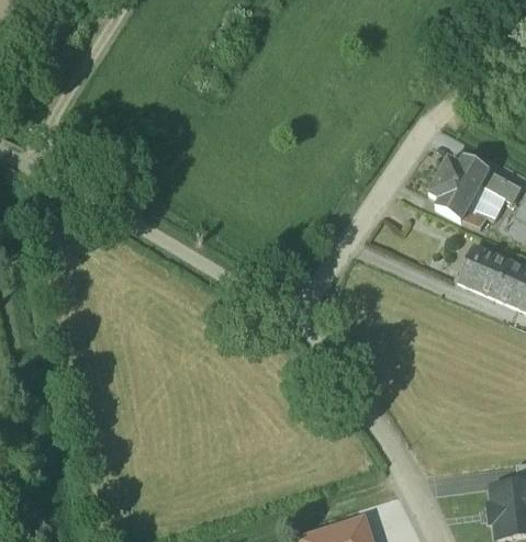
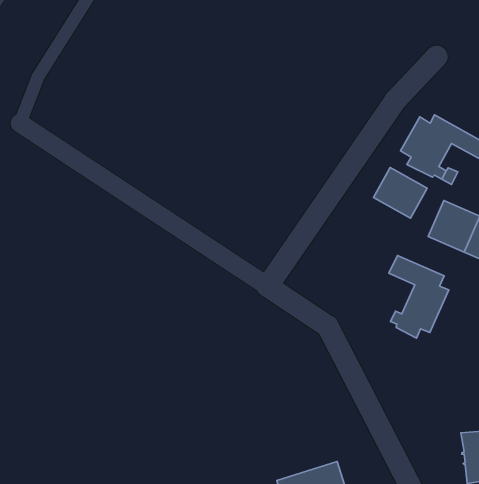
building: none -> [373,168,427,218]
building: none -> [389,255,449,338]

